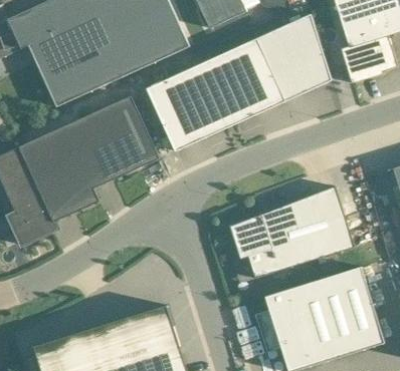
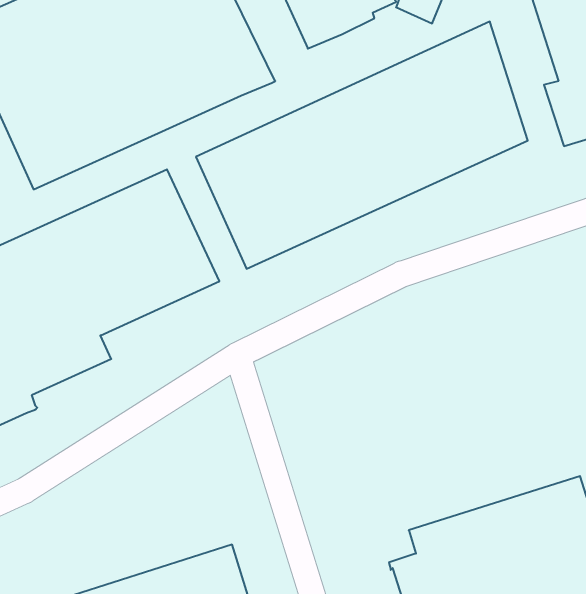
building: [230,186,354,278] -> none

